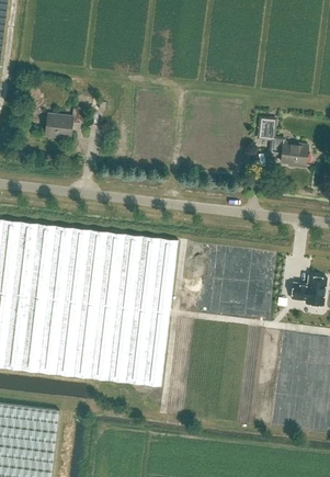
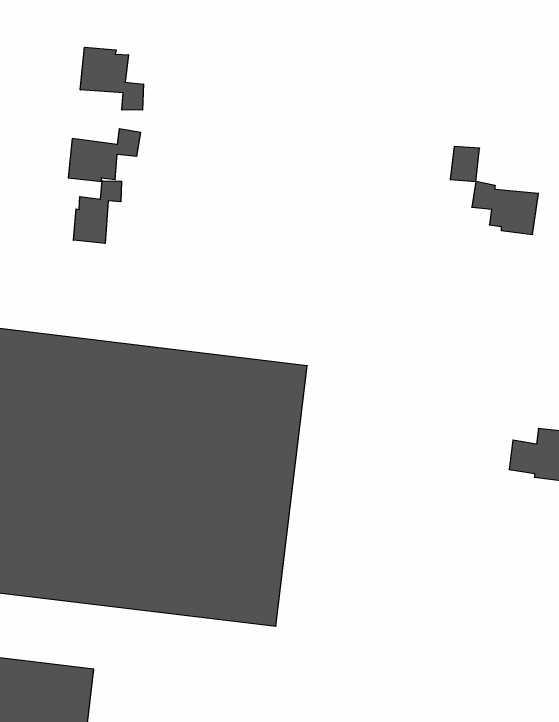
building: none -> [80,47,144,110]
building: none -> [73,181,122,243]

